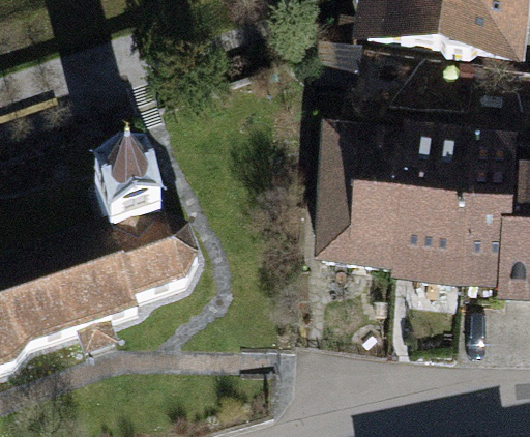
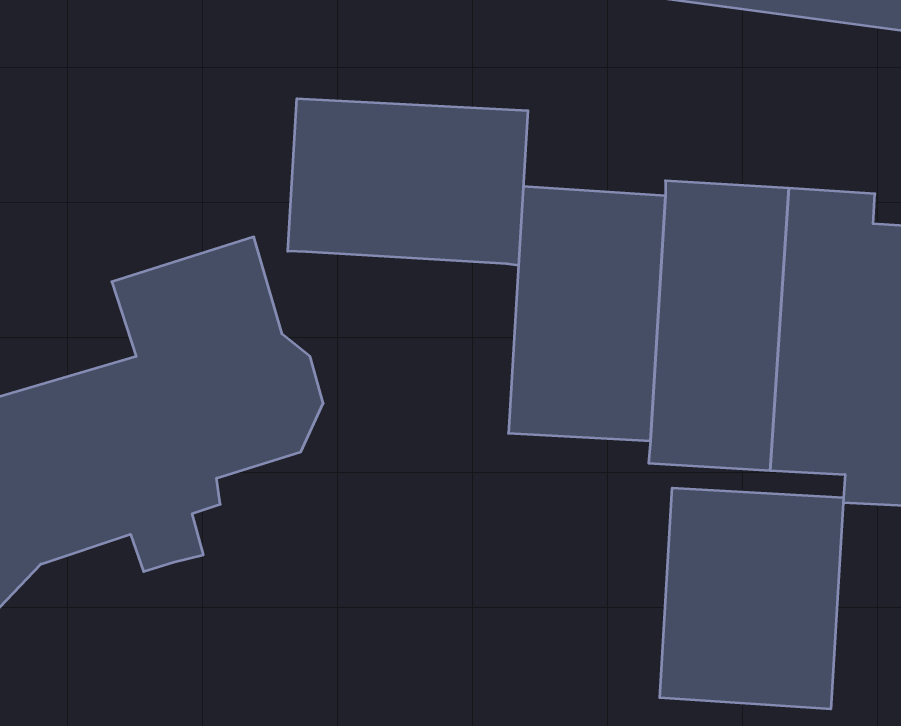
building: none -> [288,99,528,266]
building: none -> [660,488,843,709]

